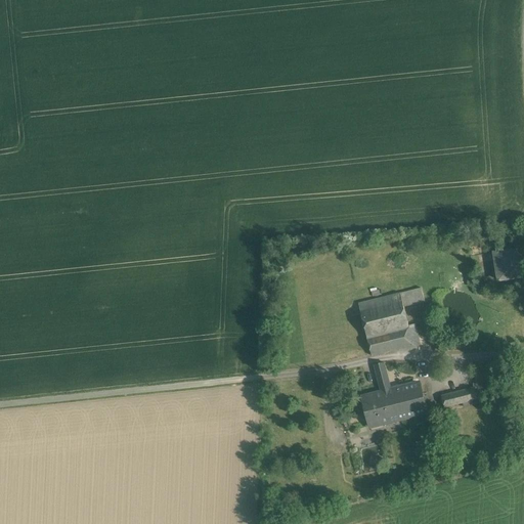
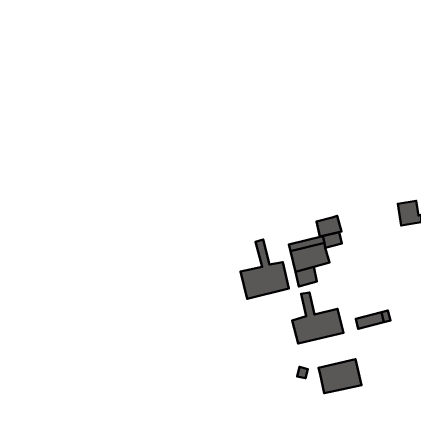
building: none -> [241,240,289,299]
building: [389,323,420,349] -> [317,216,341,237]
building: none -> [318,359,362,393]

